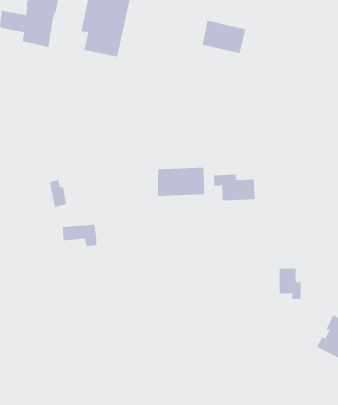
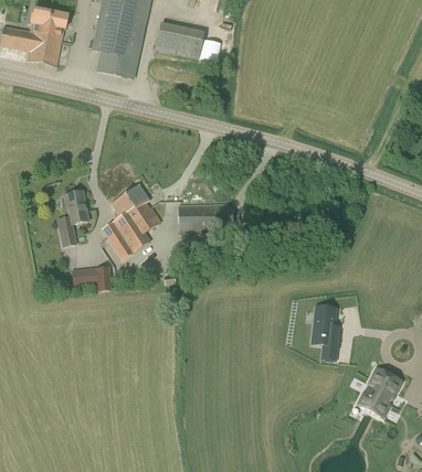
building: [202,20,246,54] -> [155,20,204,57]
building: none -> [102,183,160,257]
building: none -> [61,189,88,223]
building: [213,174,255,201] -> none

